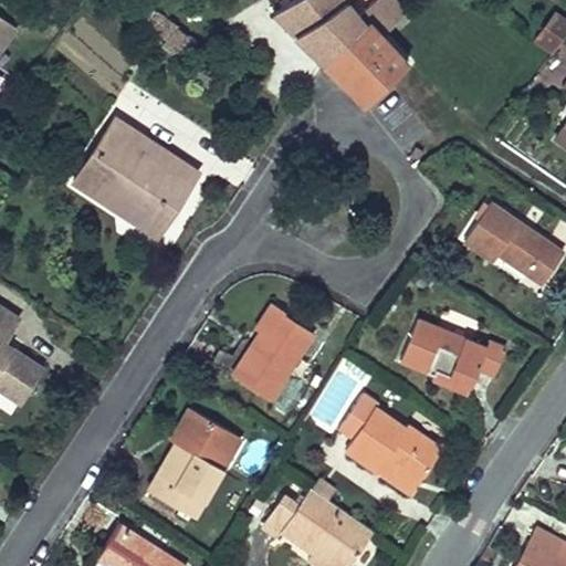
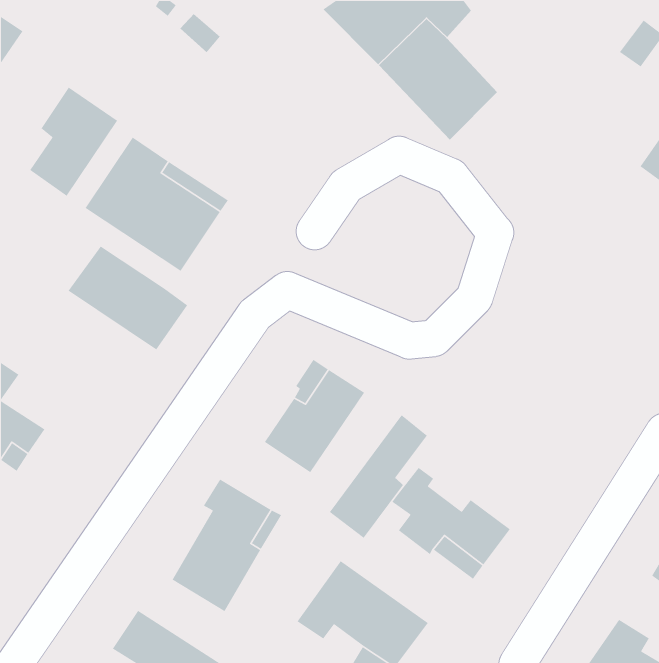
building: none -> [29,87,118,197]
building: [459,206,558,284] -> none
building: none -> [68,245,188,351]
building: [397,321,507,385] -> none
building: none -> [329,414,428,539]

